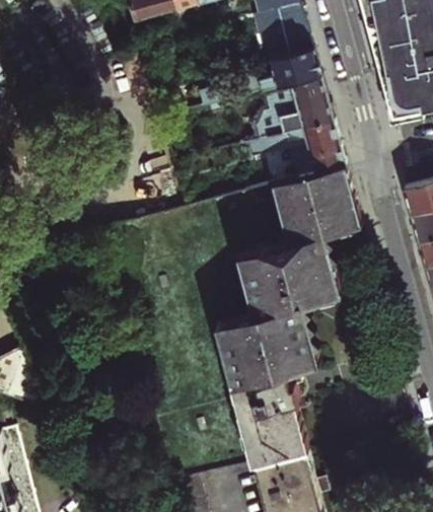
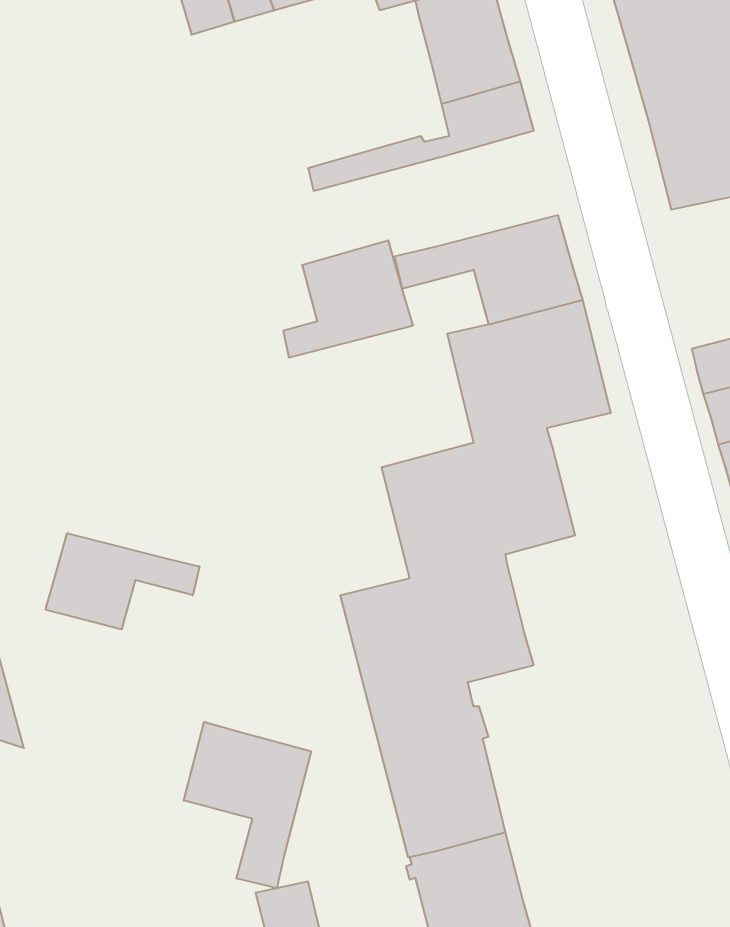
building: [263,75,333,138] -> [283,241,413,357]
building: none -> [46,533,200,629]
building: none -> [184,722,311,888]

